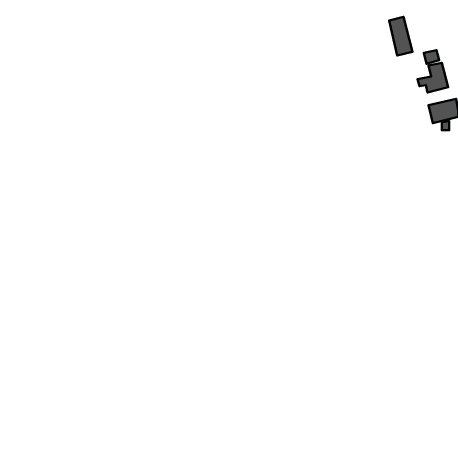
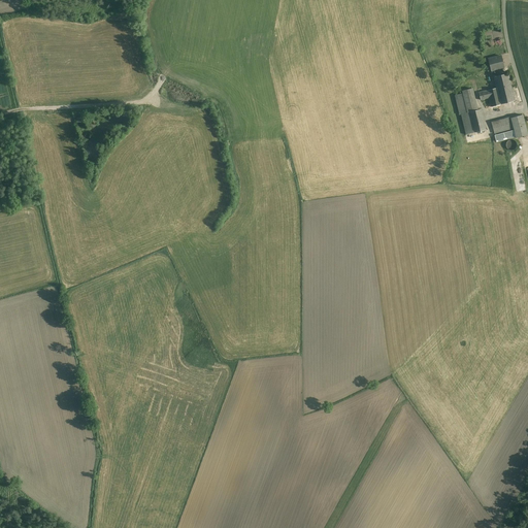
building: [389,17,413,55] -> [455,91,482,135]

